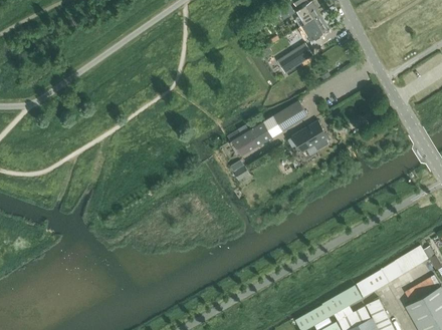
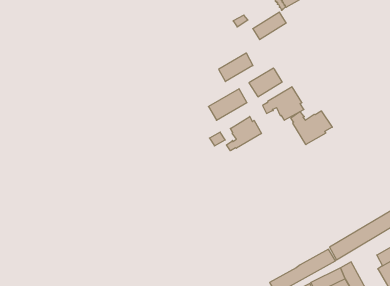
building: none -> [219,53,253,82]
building: none -> [291,111,332,145]
building: none -> [226,116,261,151]

